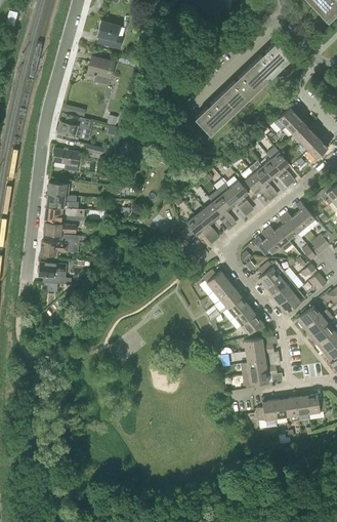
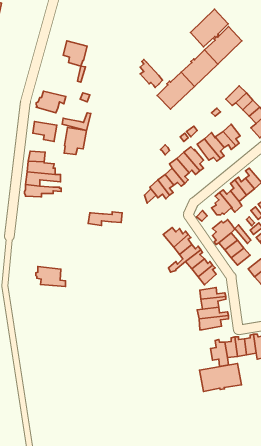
building: none -> [191,9,228,47]
building: [96,22,122,49] -> none
building: none -> [140,59,162,87]
building: none -> [64,127,86,155]
building: [40,241,79,256] -> [88,212,122,225]
building: [37,263,71,285] -> [36,267,65,286]
building: none -> [199,363,241,392]

